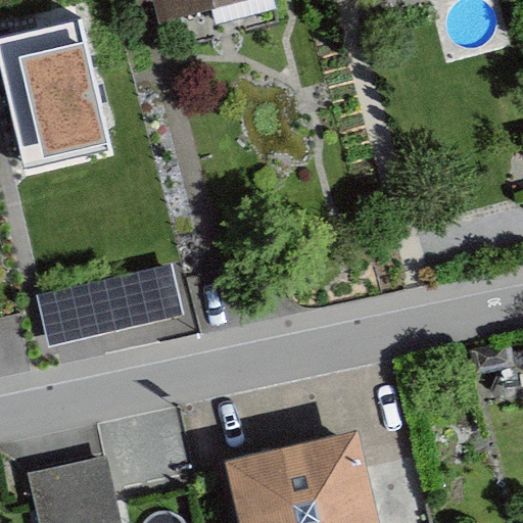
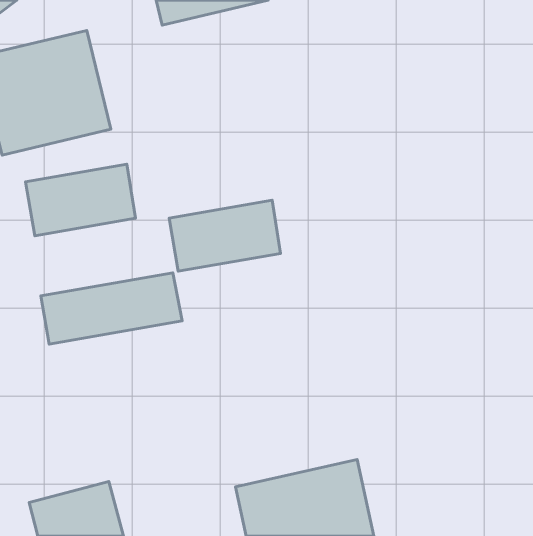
building: none -> [26,164,136,236]
building: none -> [169,200,280,271]

